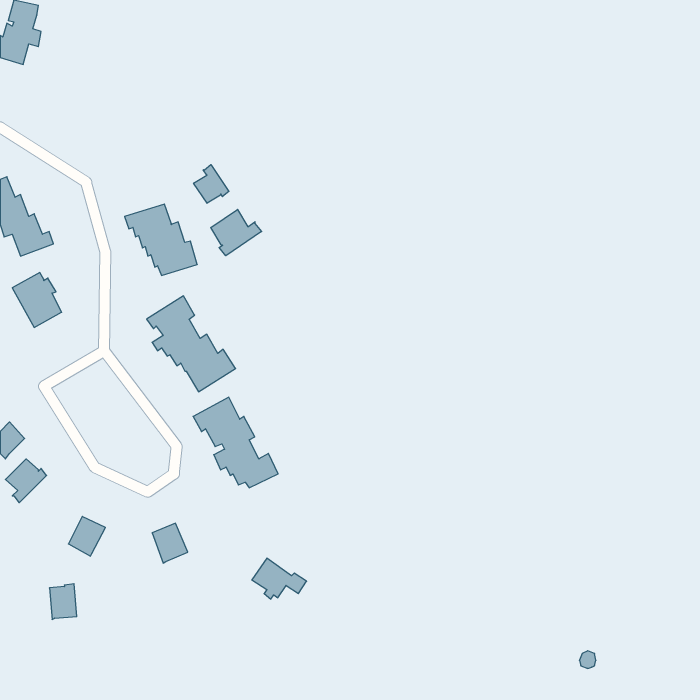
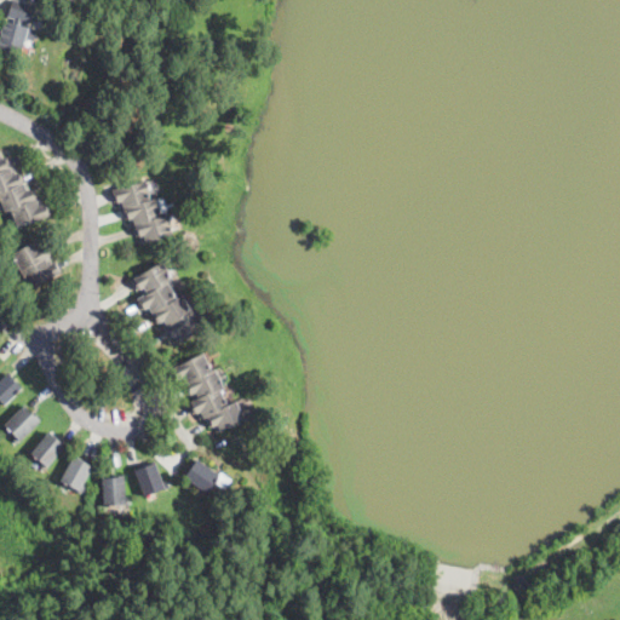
building: [194,165,229,203] -> none
building: [211,209,262,256] -> none
building: none -> [30,432,67,471]
building: [252,558,307,599] -> [184,459,232,495]
building: [49,584,77,619] -> [102,475,126,506]

